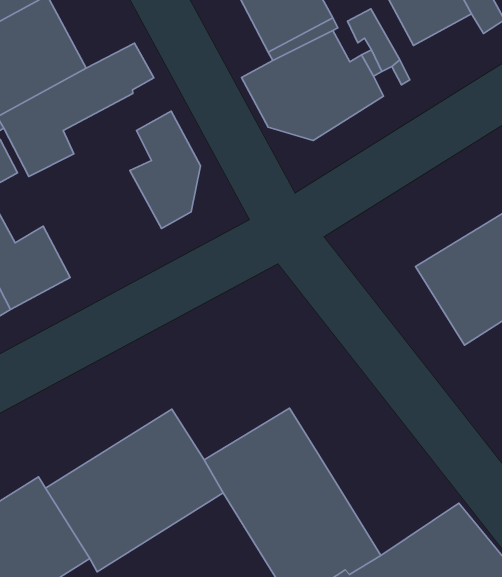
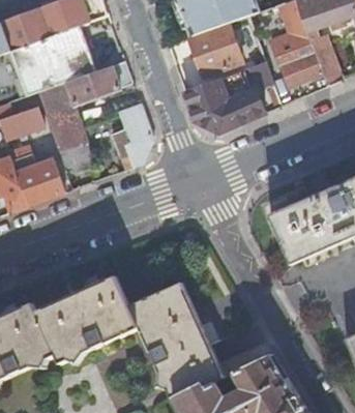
building: none -> [52,119,95,173]

